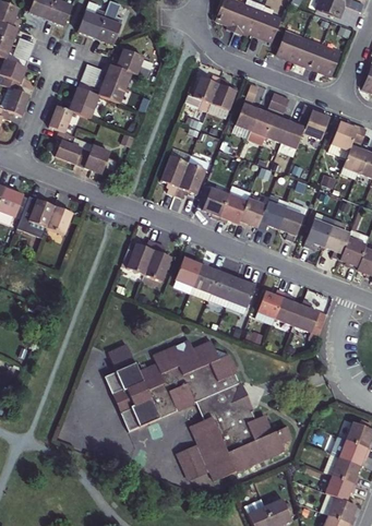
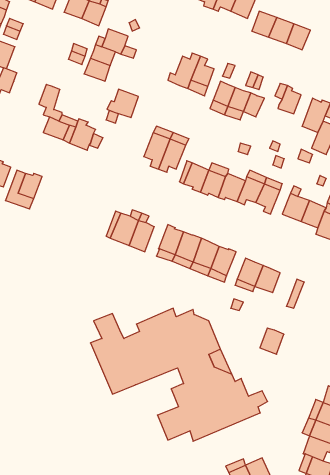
building: [65,88,98,118] -> [107,89,138,118]
building: [274,121,301,156] -> none
building: [46,203,72,232] -> none
building: [295,303,320,331] -> [260,328,284,354]

